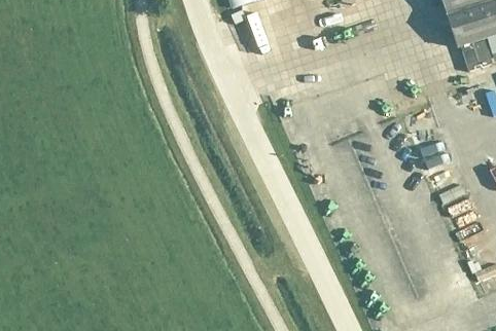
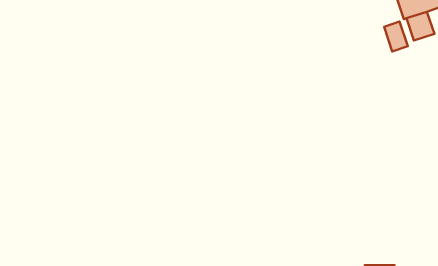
building: none -> [384,21,408,52]

